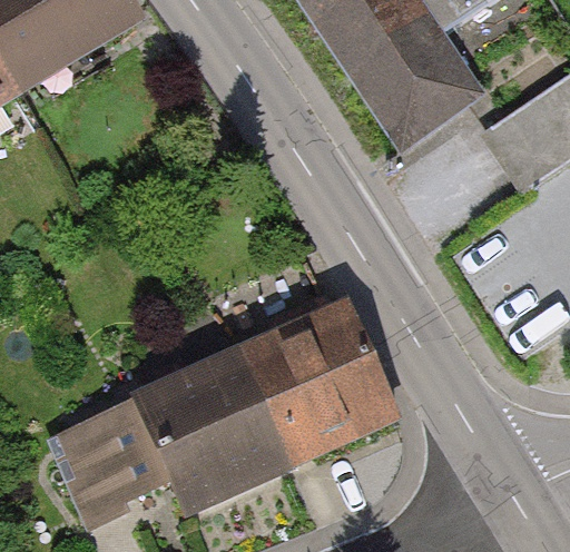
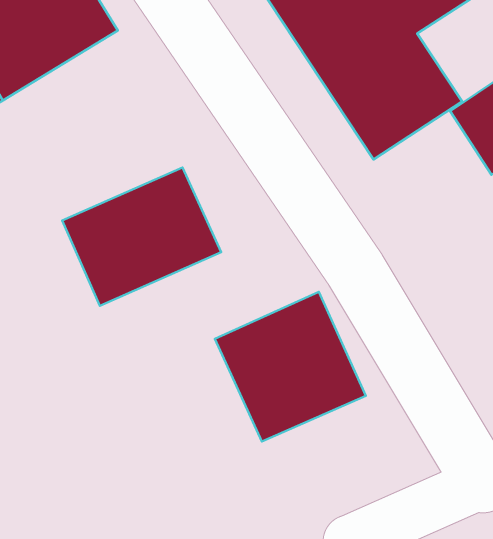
building: none -> [62,168,221,306]
building: [63,346,291,501] -> none

